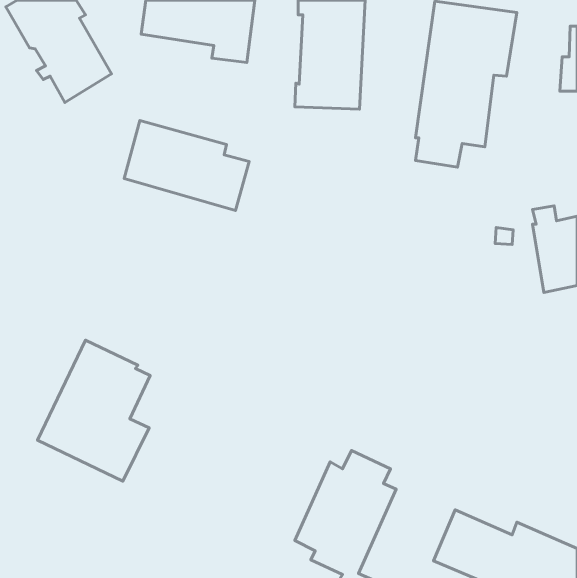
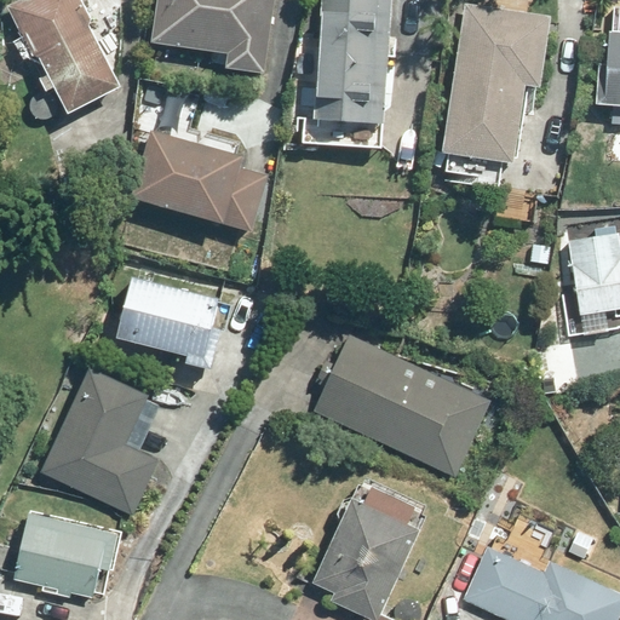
building: none -> [117,274,223,366]
building: none -> [310,334,488,477]
building: none -> [13,511,120,598]

